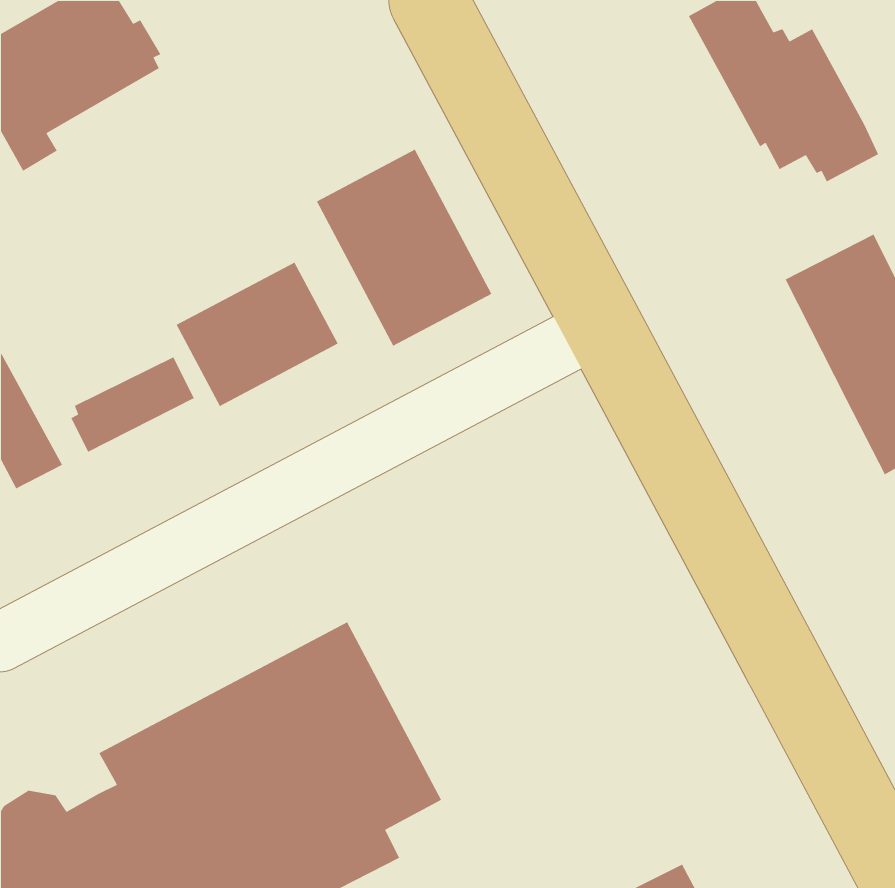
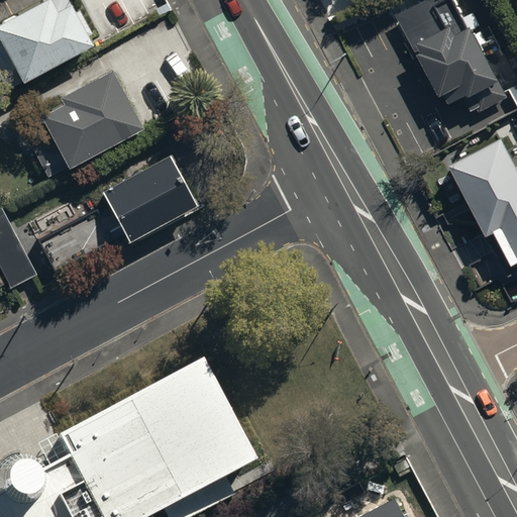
building: none -> [35,70,140,180]
building: [316,149,492,347] -> none

